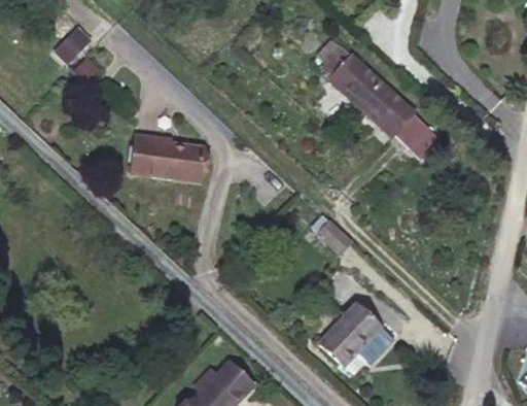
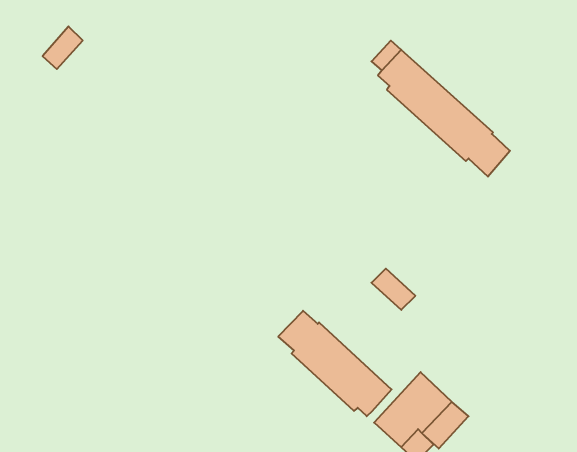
building: [131,133,204,180] -> none
building: none -> [278,311,392,416]

